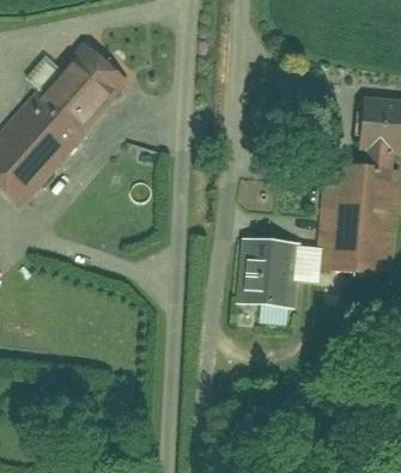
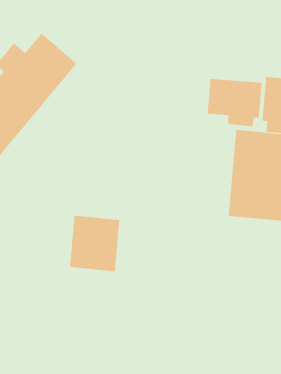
building: none -> [207,78,262,127]
building: [236,238,299,309] -> [69,215,120,272]

